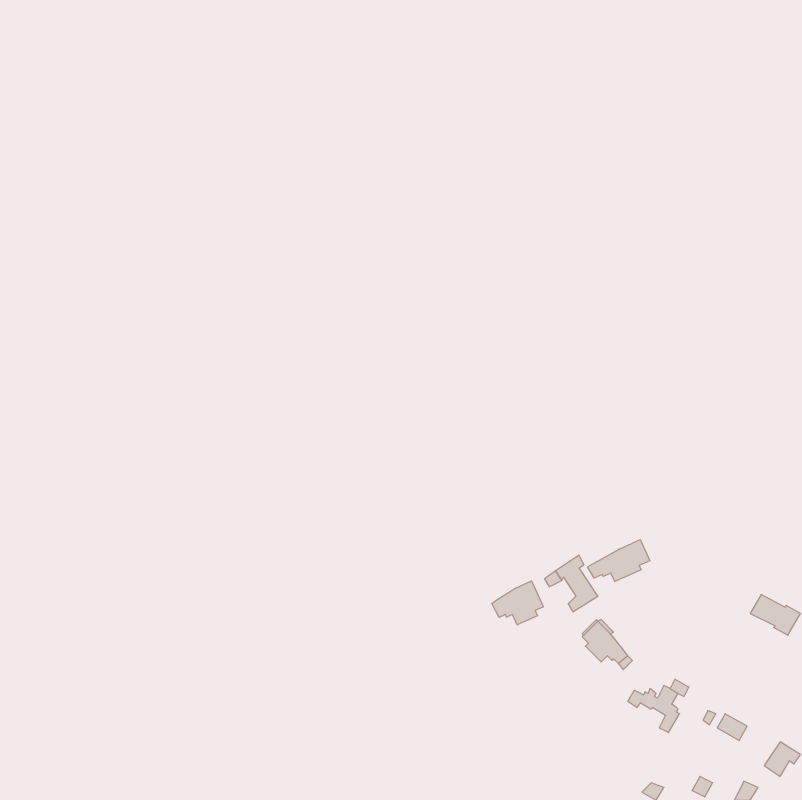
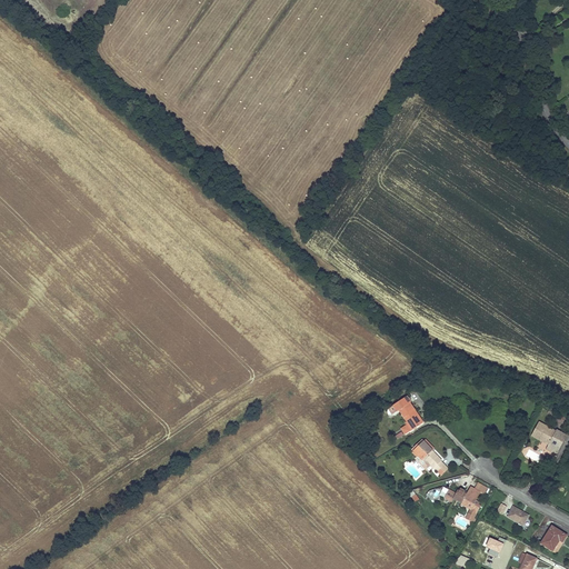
building: [588,540,650,582] -> none
building: [492,581,543,625] -> none

